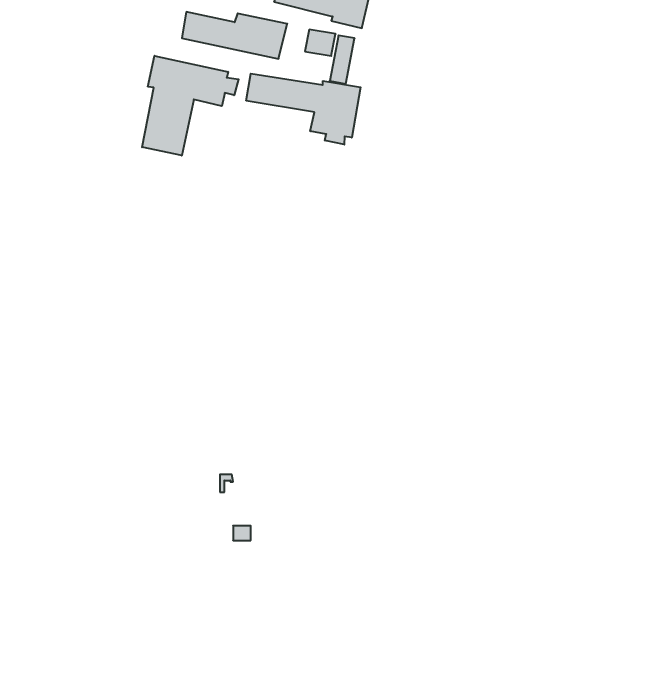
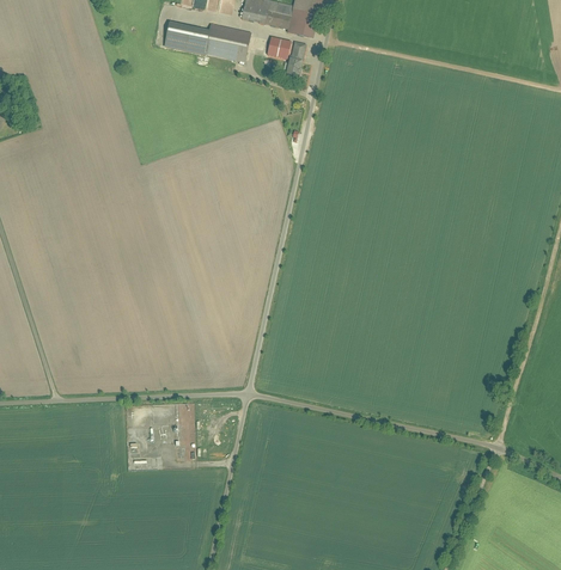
building: [142,56,239,156] -> none
building: [246,74,361,145] -> none

